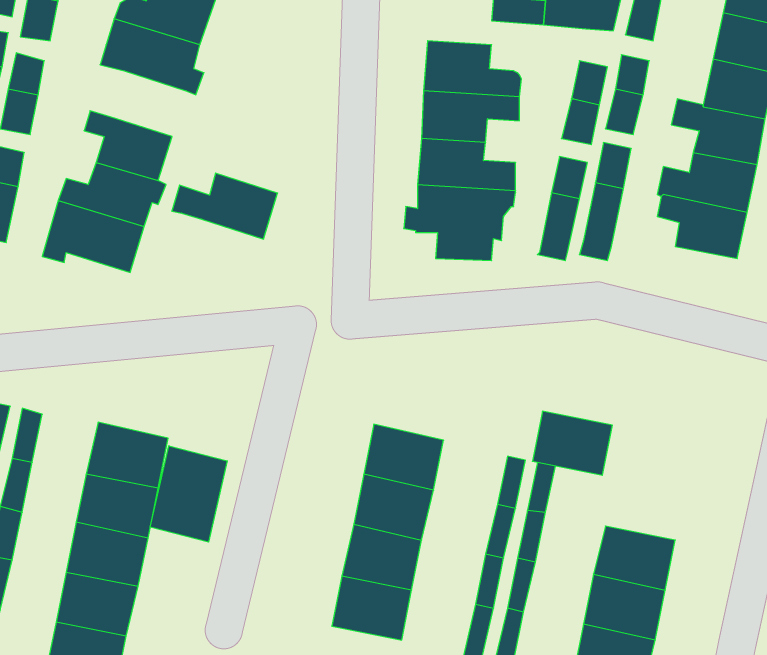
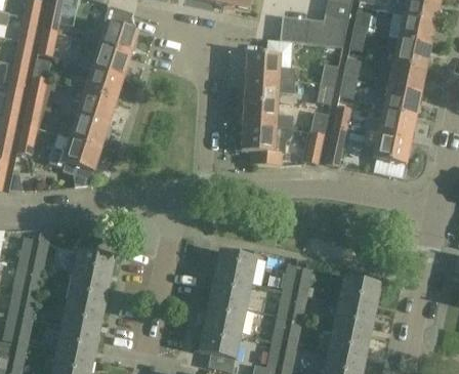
building: [172,173,278,239] -> [69,69,123,102]
building: [532,411,612,475] -> [338,277,379,309]
building: [150,446,227,542] -> none

